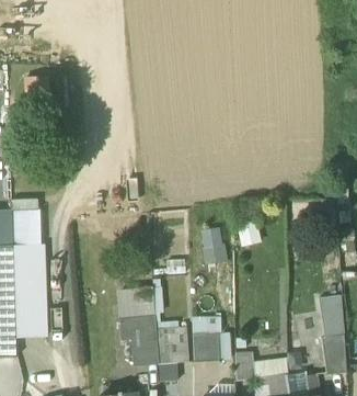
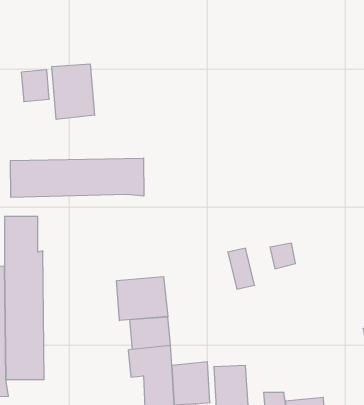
building: none -> [52,64,95,119]
building: none -> [10,158,144,197]
building: none -> [117,277,168,321]

